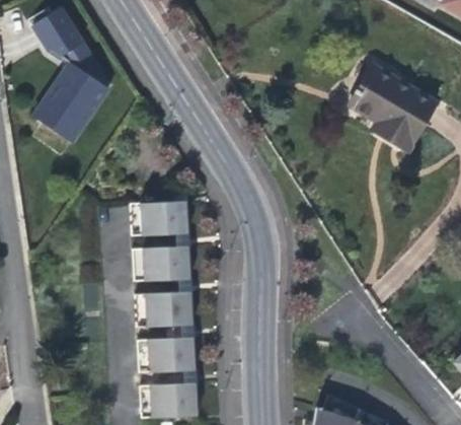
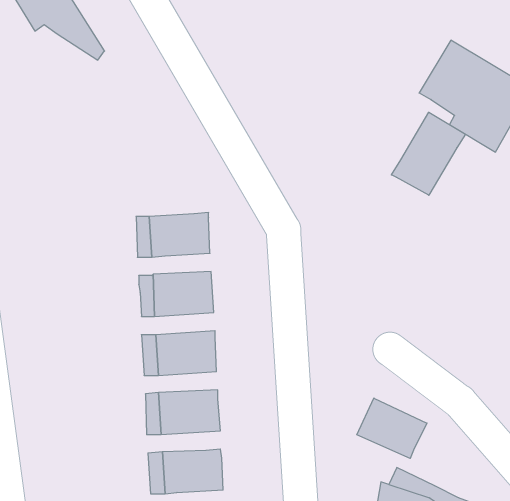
building: [33,62,106,143] -> none
building: none -> [391,112,465,195]
building: none -> [357,398,427,458]

